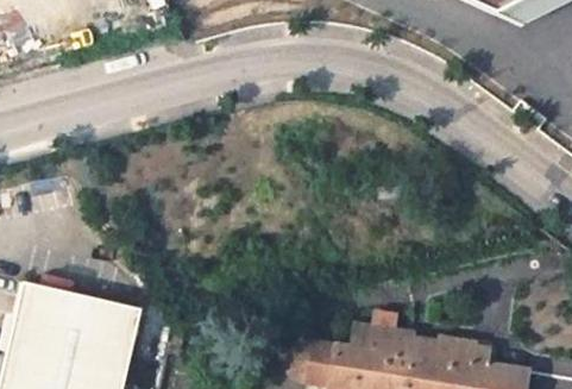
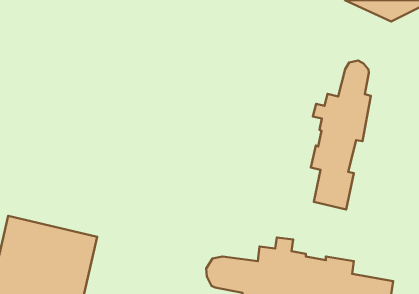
building: none -> [311,61,371,210]

